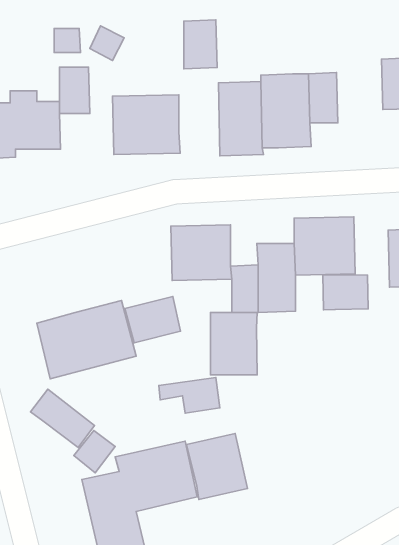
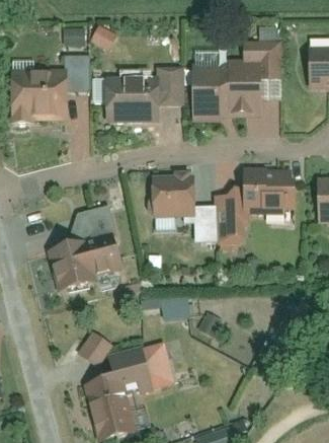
building: [184,20,217,69] -> [157,66,182,103]
building: none -> [244,41,277,59]
building: [323,275,368,310] -> none
building: [125,297,181,343] -> [71,206,113,241]
building: [210,312,257,375] -> none
building: [31,389,94,447] -> none
building: [187,434,247,500] -> none

